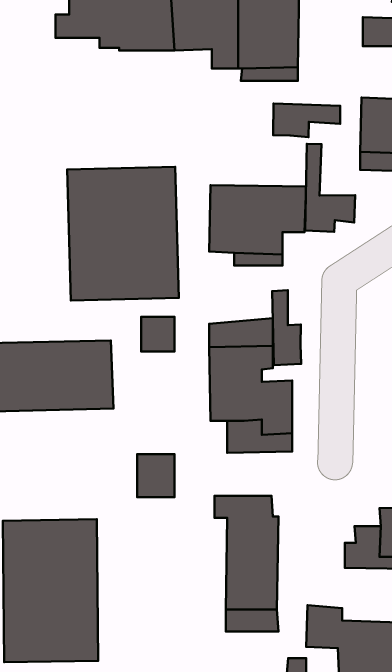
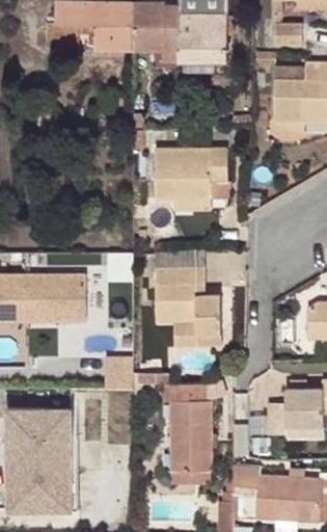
building: [273,104,340,137] -> none
building: [305,144,355,232] -> none
building: [67,167,179,301] -> none
building: [272,290,301,365] -> none

